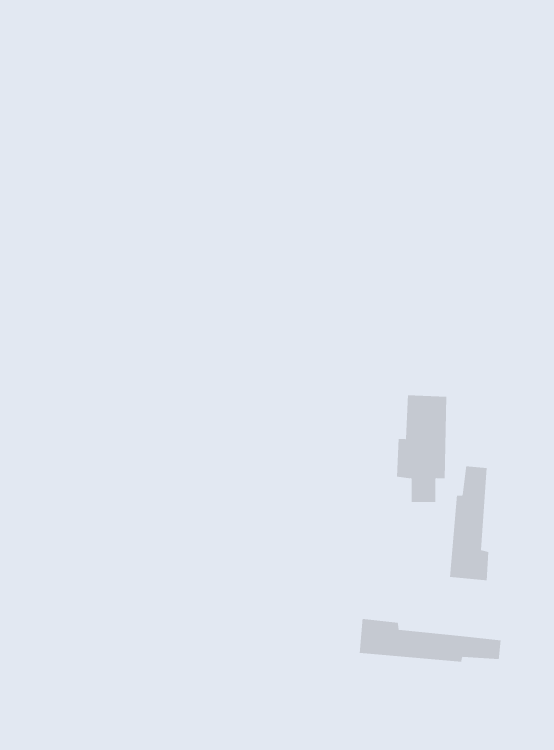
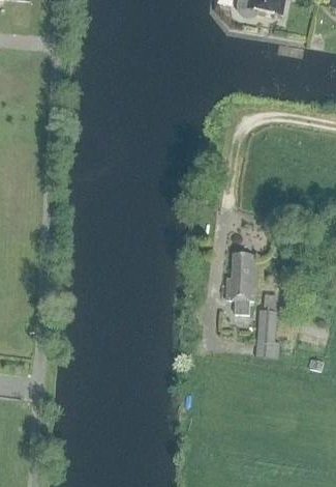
building: [359,618,501,663] -> none

